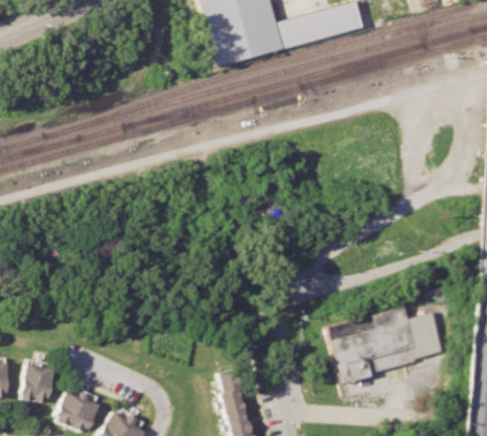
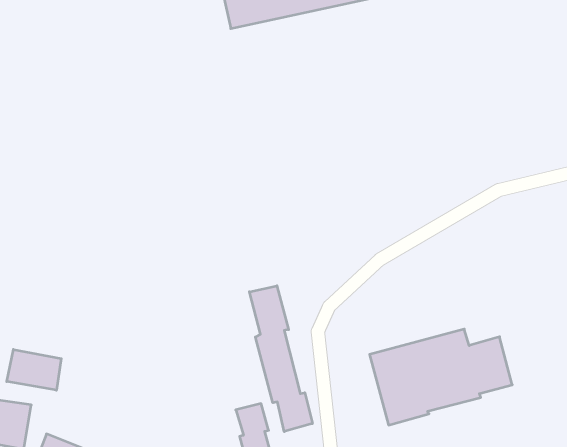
building: none -> [249,286,312,432]
building: none -> [7,349,61,390]

